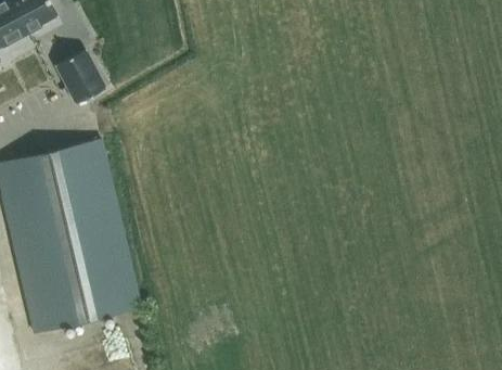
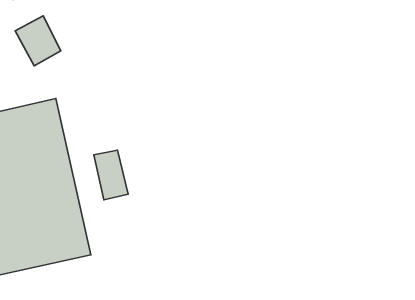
building: none -> [94,150,128,200]

